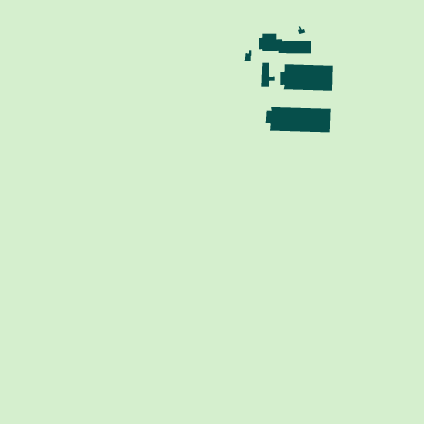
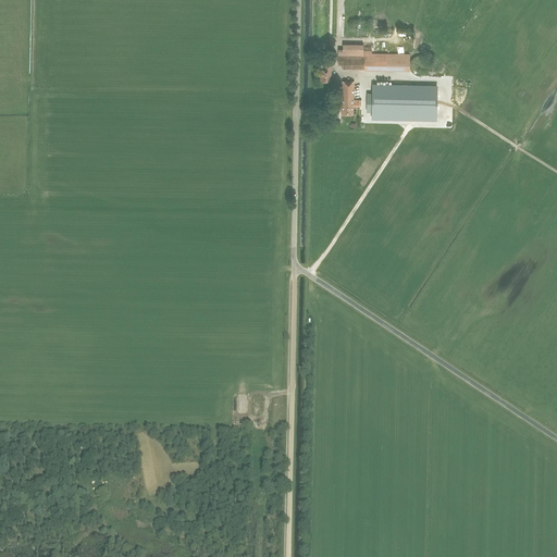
building: [265,106,331,133] -> none

